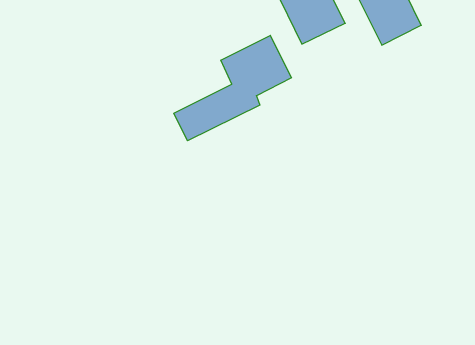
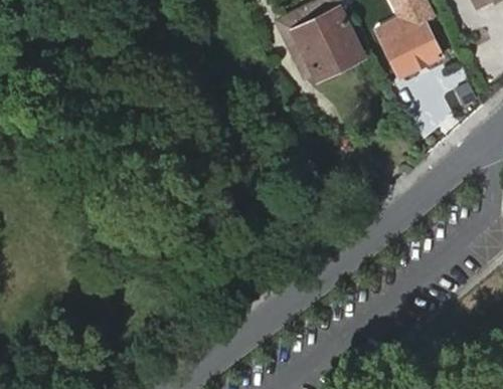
building: [174,35,291,141] -> none

